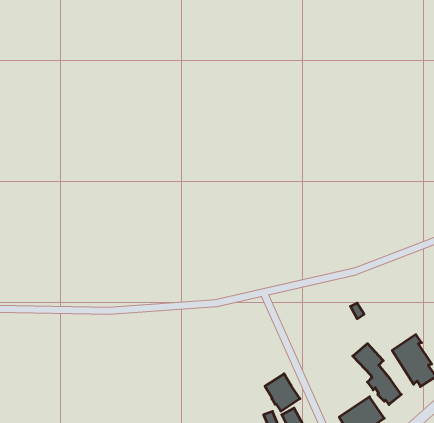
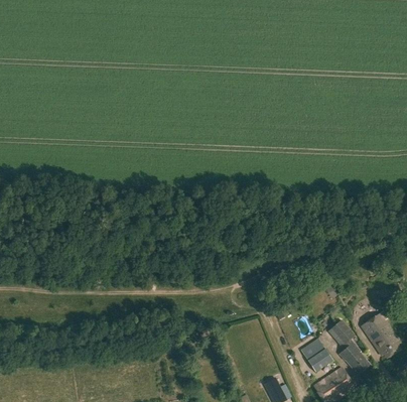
building: [265,374,300,411] -> [300,339,331,372]

